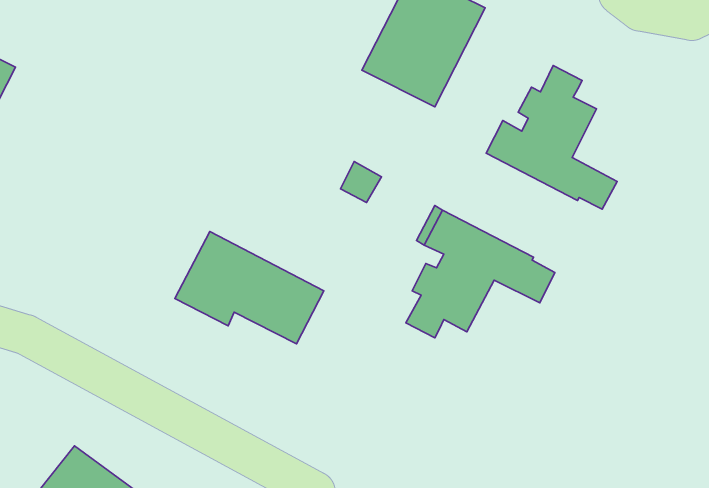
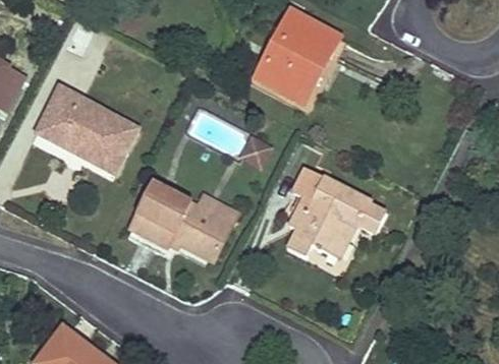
building: [486,66,617,209] -> none
building: none -> [38,87,135,170]

